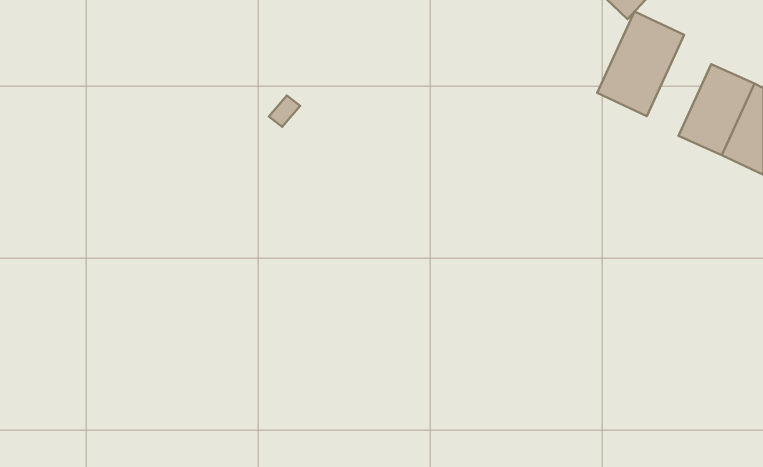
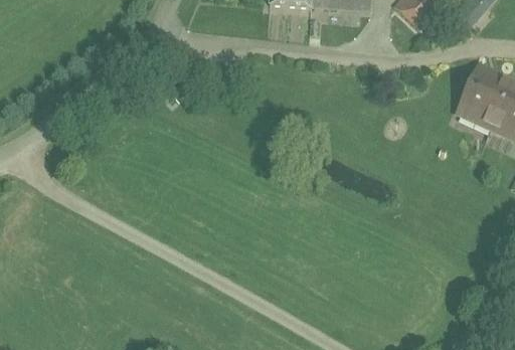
building: [597,12,684,116] -> none

